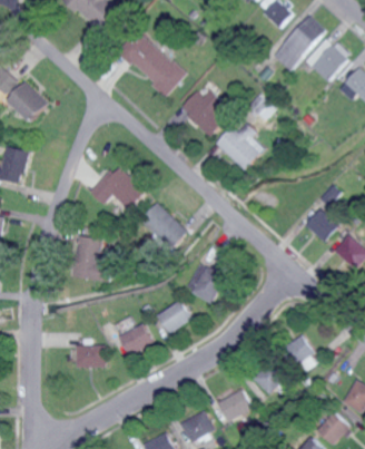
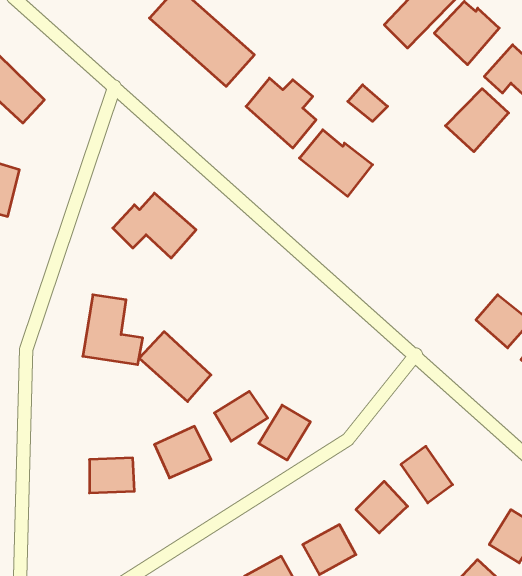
building: none -> [445,89,509,152]
building: [140,202,188,248] -> [139,332,211,402]
building: [305,209,338,243] -> none
building: [191,266,226,303] -> [259,405,310,460]

